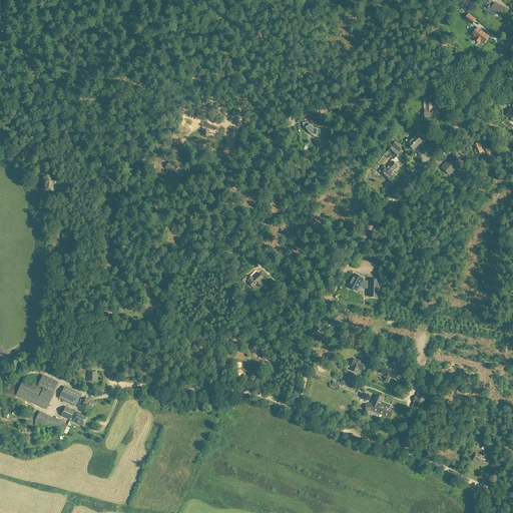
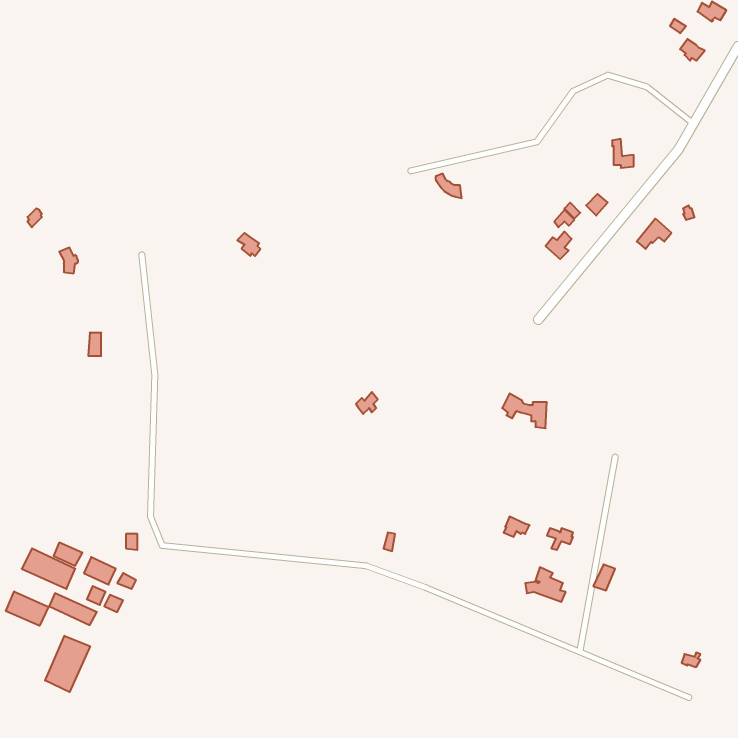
building: none -> [6,591,48,626]
building: none -> [45,636,90,692]

